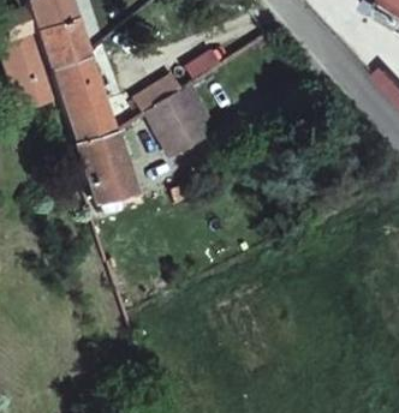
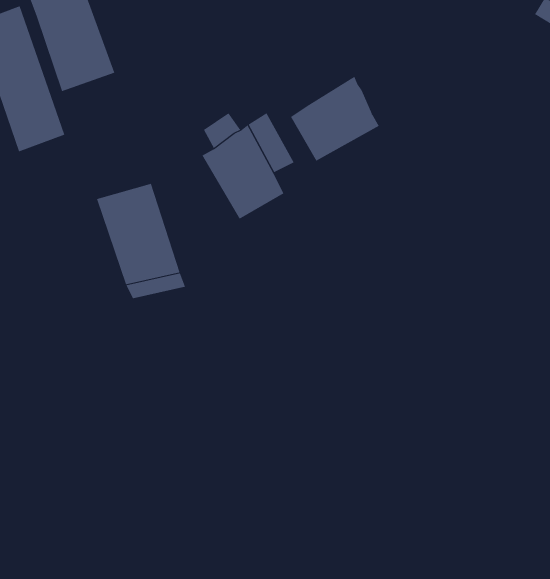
building: [53,54,115,142] -> none
building: none -> [290,76,379,161]

